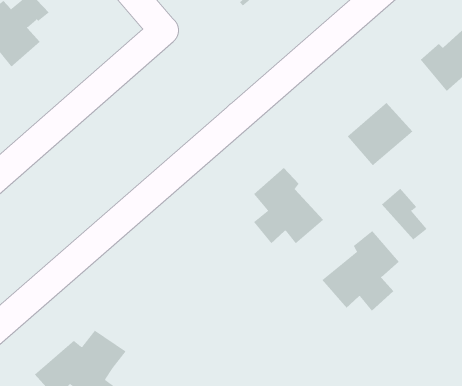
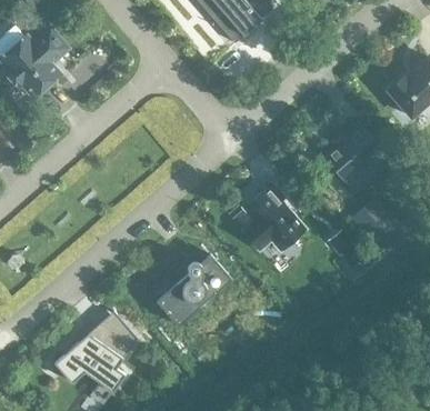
building: [321,230,399,312] -> none
building: none -> [156,254,232,327]

